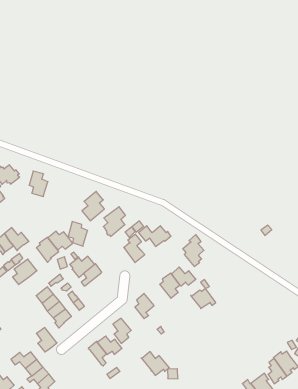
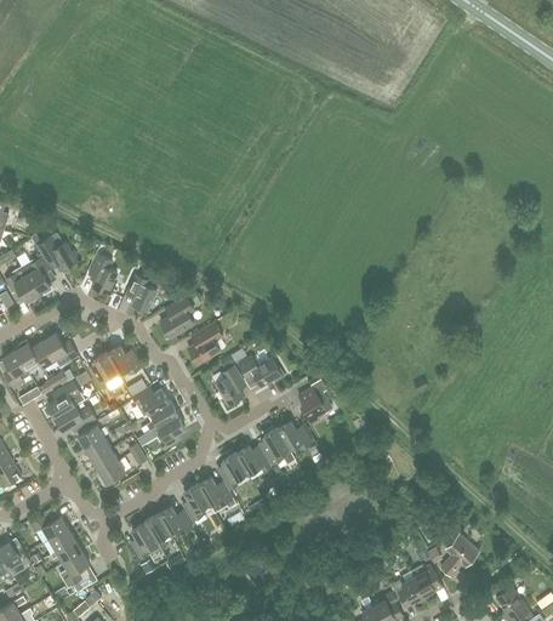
building: [68,222,88,246] -> [127,274,156,312]
building: none -> [152,415,184,449]
building: none -> [55,405,95,431]
building: [191,289,216,309] -> [234,445,269,473]
building: [36,328,57,352] -> [131,523,159,558]
building: [141,352,169,375] -> [196,477,235,512]

